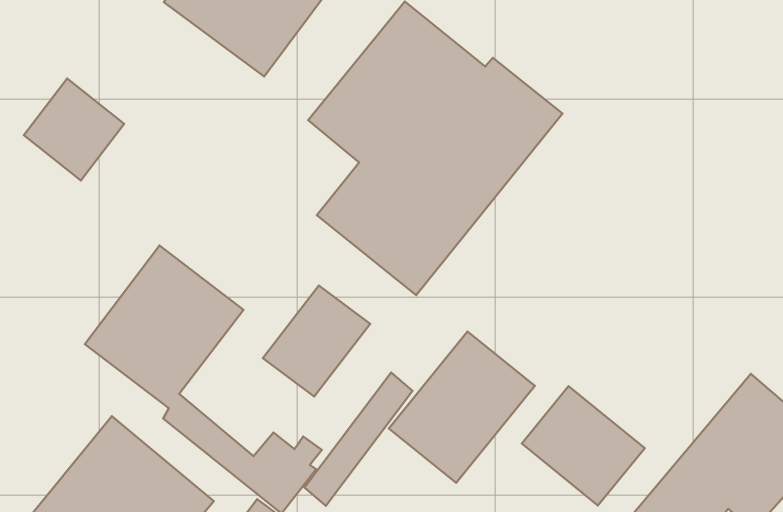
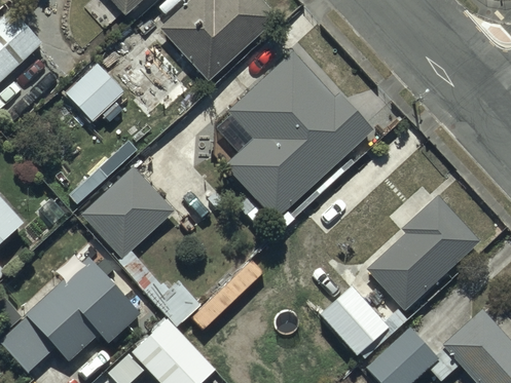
building: none -> [367,206,472,322]
building: [263,285,370,397] -> none
building: [389,332,535,483] -> none

